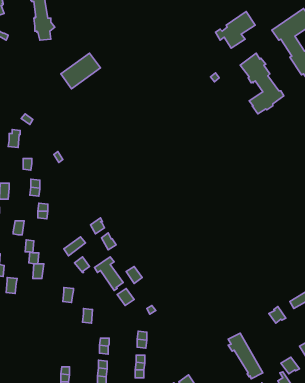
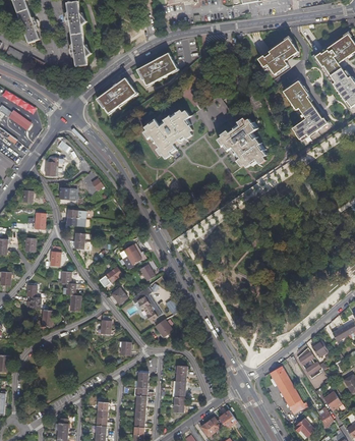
building: none -> [138,53,179,87]
building: none -> [143,109,193,158]
building: none -> [221,117,267,166]
building: none -> [296,347,321,377]

